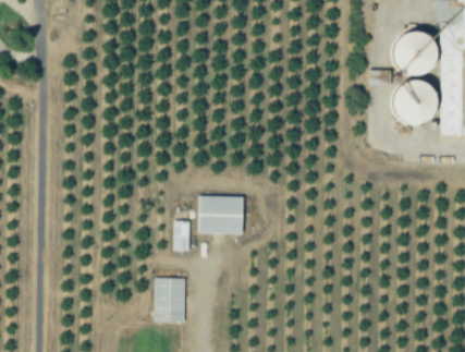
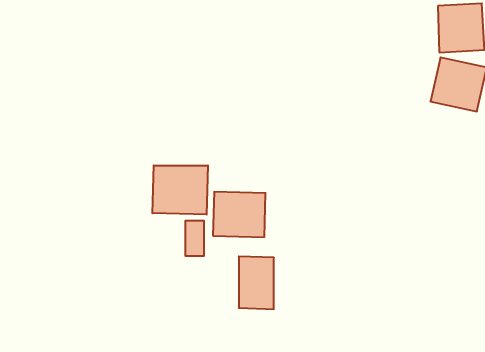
building: none -> [152,165,208,215]
building: [155,277,185,323] -> [239,256,274,309]

